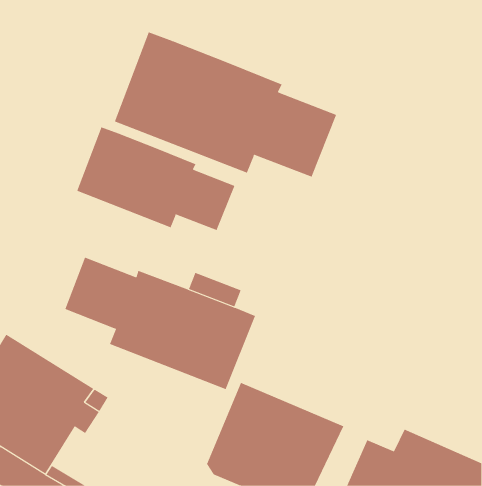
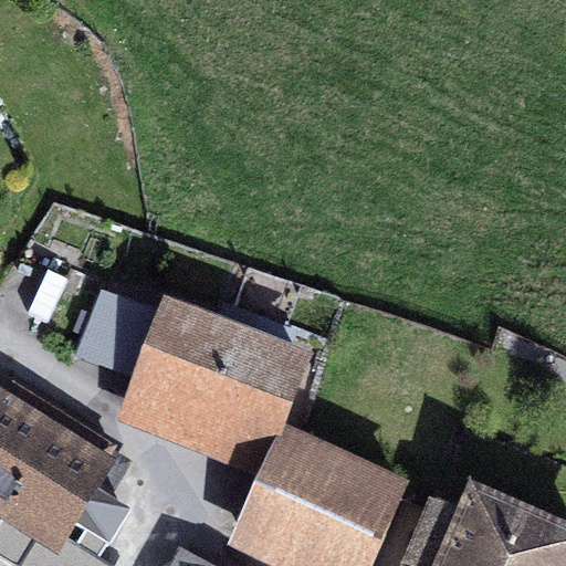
building: [114,32,337,177] -> none
building: [76,126,235,231] -> none

